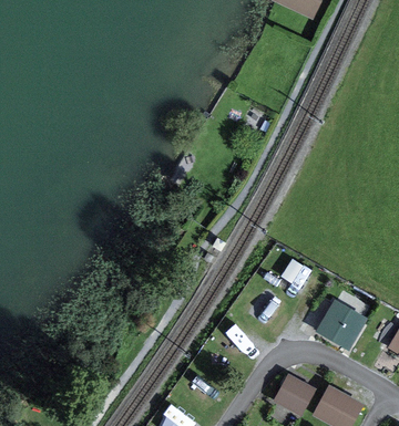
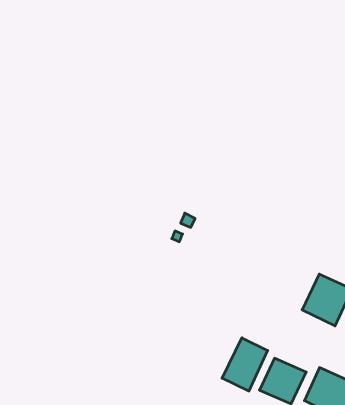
building: none -> [222,338,268,391]

